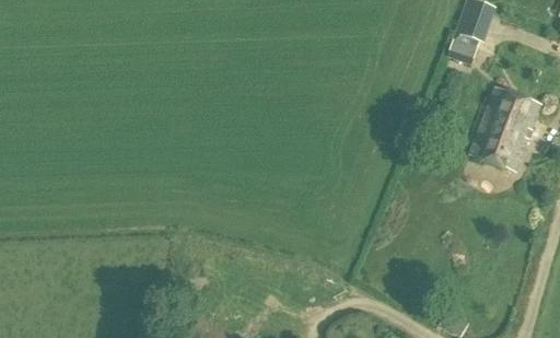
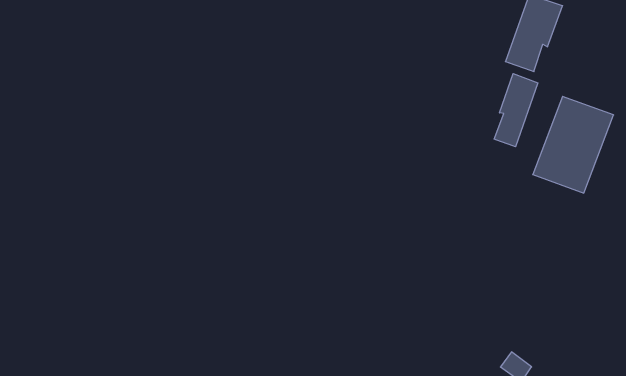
building: none -> [494,74,538,147]

